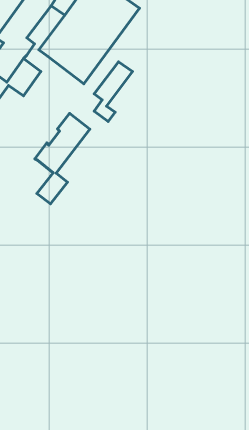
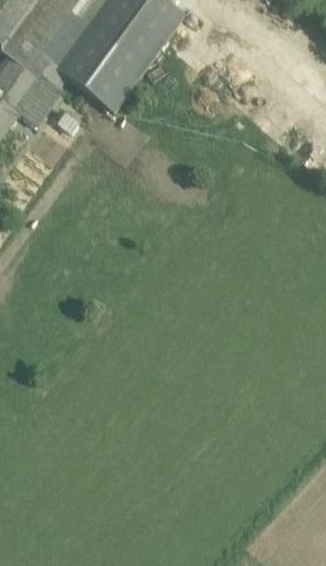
building: [94,62,132,122] -> [41,9,90,85]
building: [35,114,90,204] -> none

